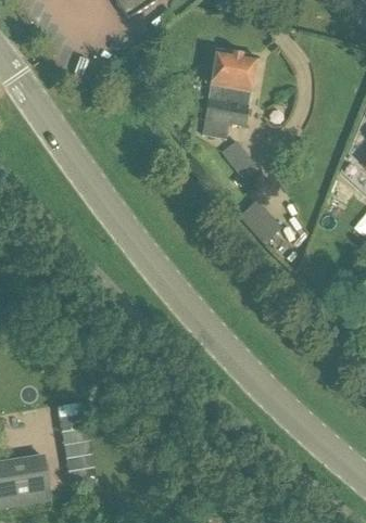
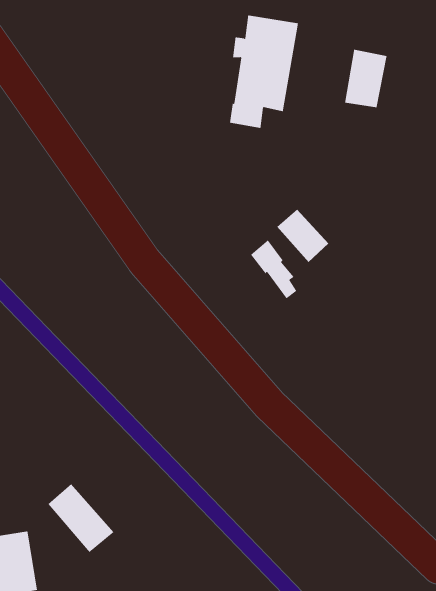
building: none -> [345,49,387,108]
building: [222,139,258,186] -> [250,239,297,299]

